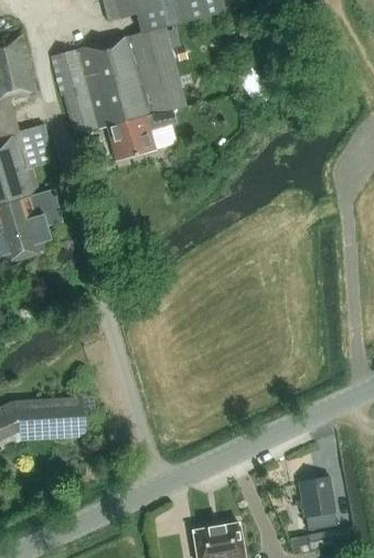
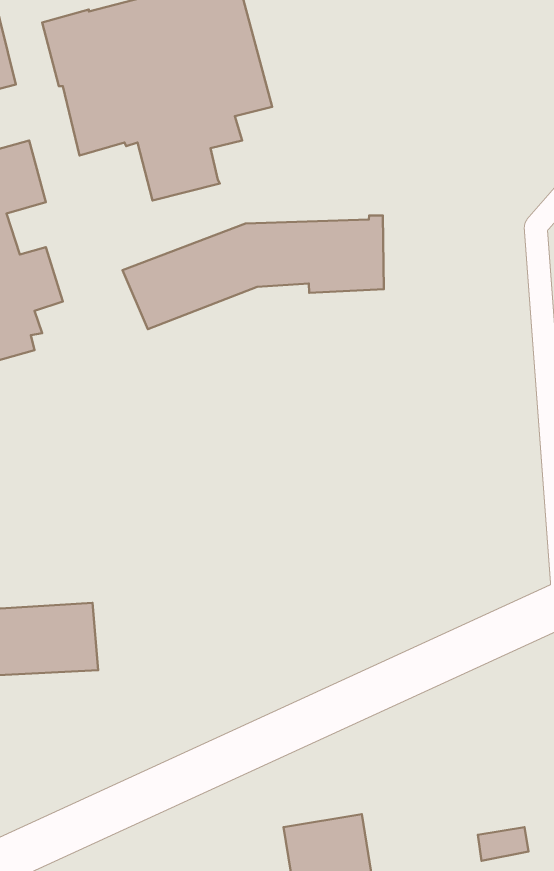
building: none -> [122,215,384,329]
building: [299,475,335,530] -> none

